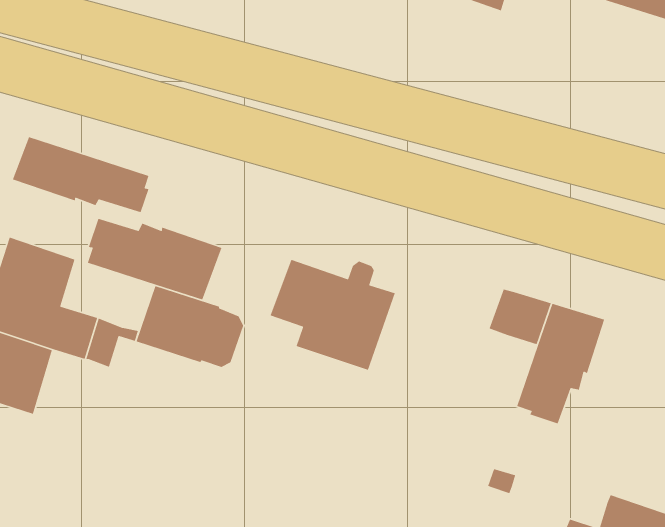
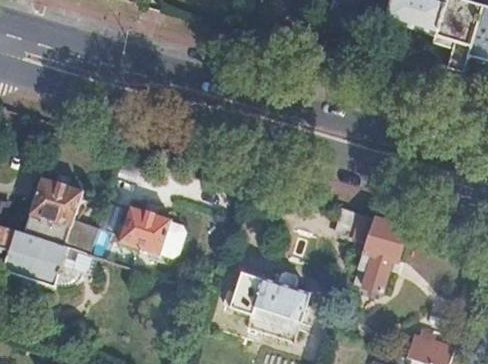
building: [12,136,150,213] -> none
building: [87,218,223,301] -> none
building: [270,259,396,371] -> [230,270,308,339]

